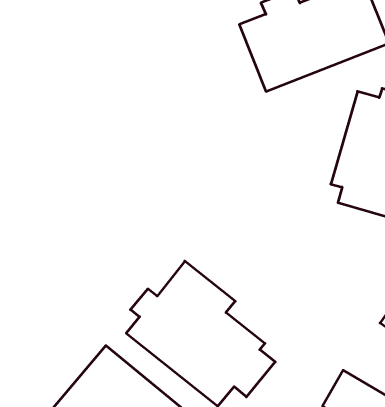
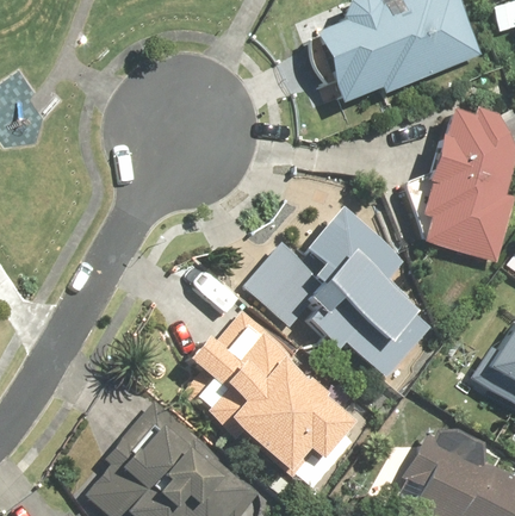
building: none -> [248,210,421,387]

